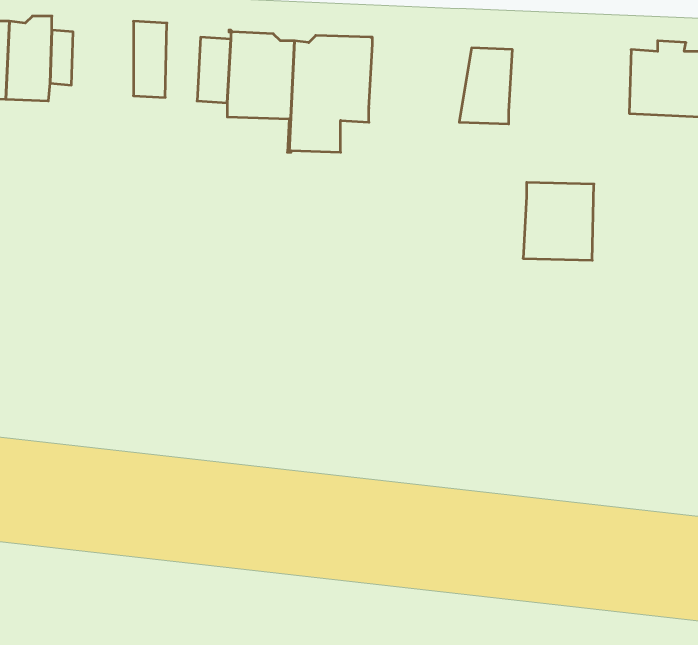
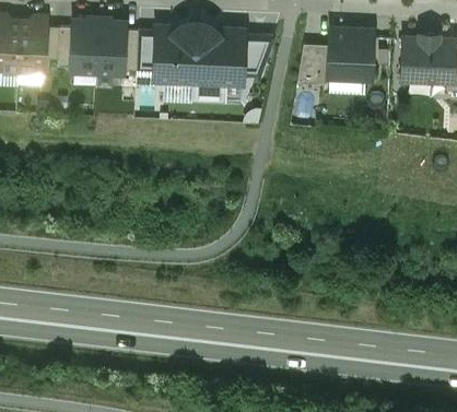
building: none -> [74,22,96,68]
building: none -> [242,36,273,76]
building: [523,182,594,260] -> [328,31,372,79]

